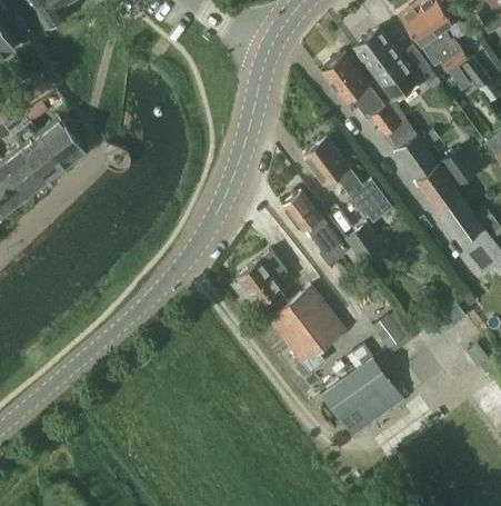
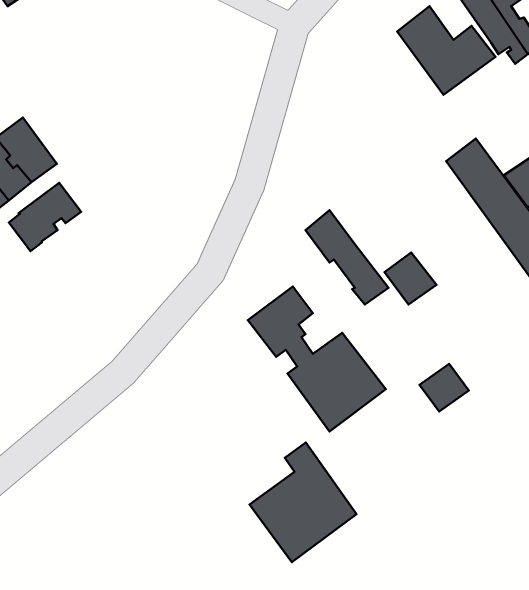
building: [321,53,381,109] -> none
building: [370,101,405,136] -> none
building: [302,138,392,222] -> none
building: none -> [9,183,81,251]
building: [320,345,404,439] -> [250,442,357,562]

